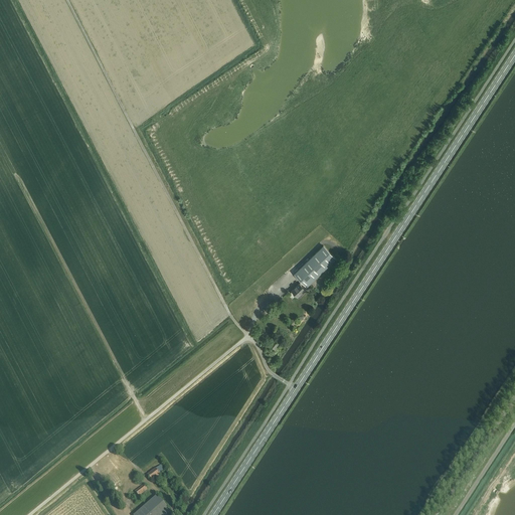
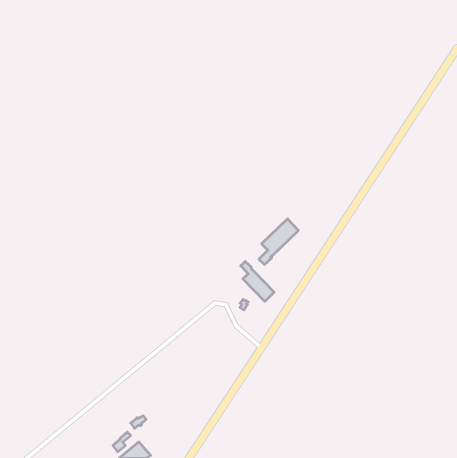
building: none -> [241,261,274,301]

